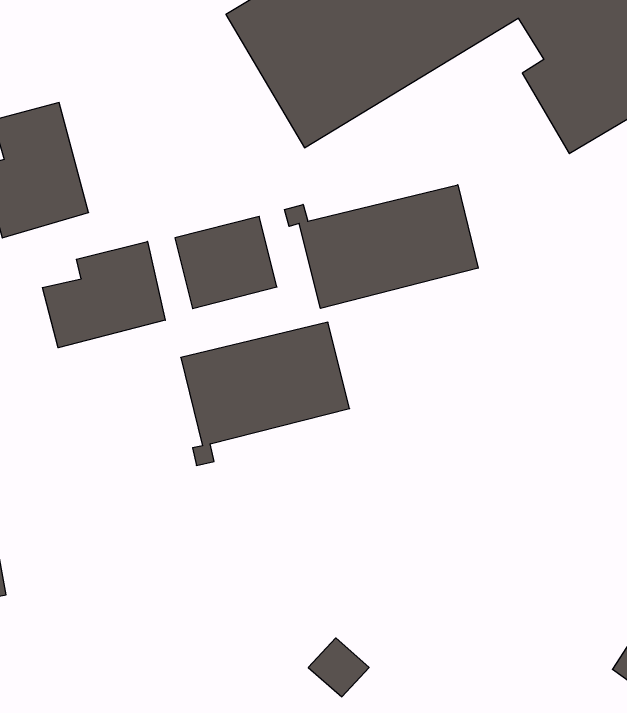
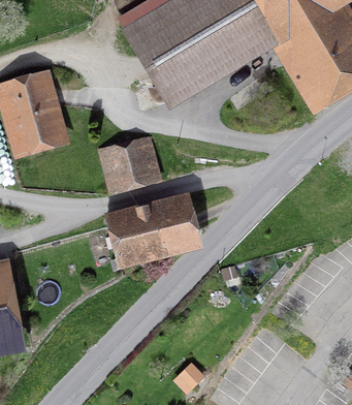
building: [284,185,478,308] -> none
building: [42,241,165,348] -> none

